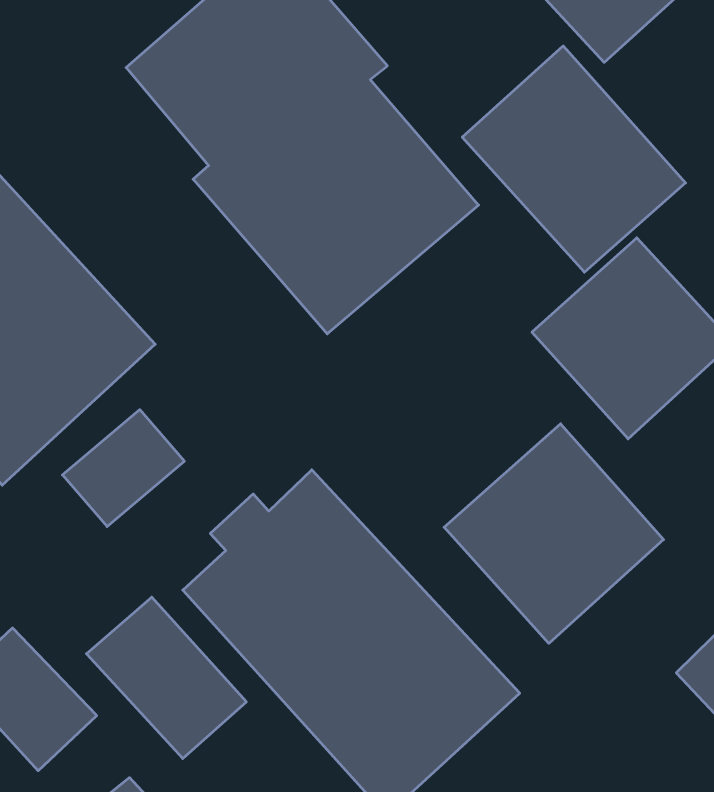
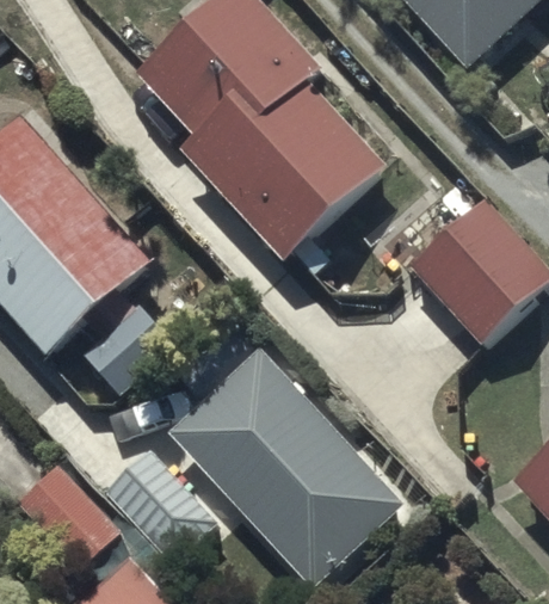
building: [462,46,686,272] -> none
building: [444,424,664,643] -> none

